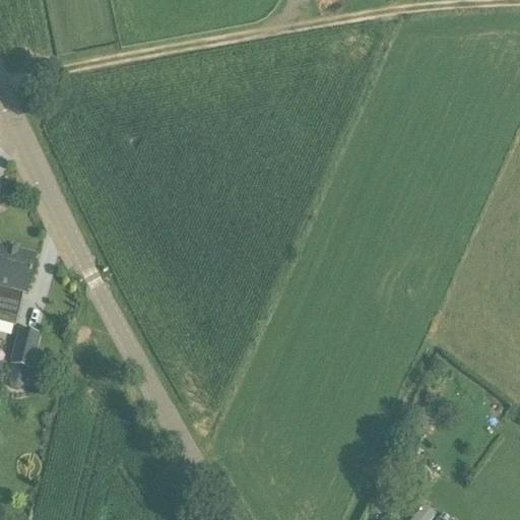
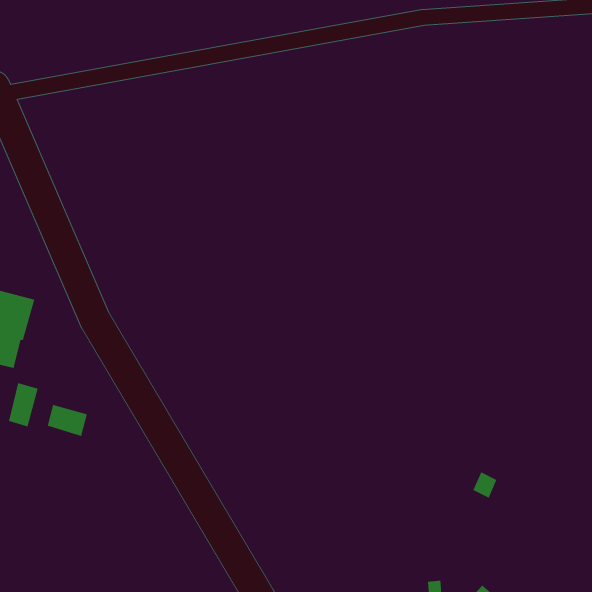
building: none -> [47,404,88,437]

